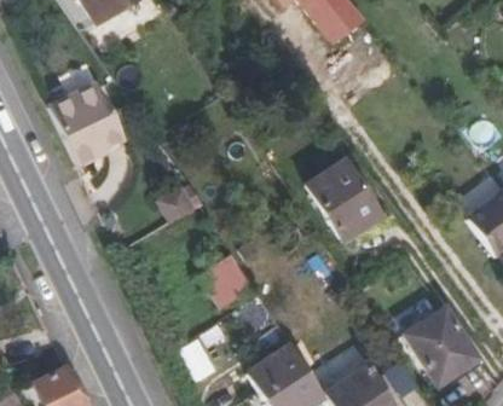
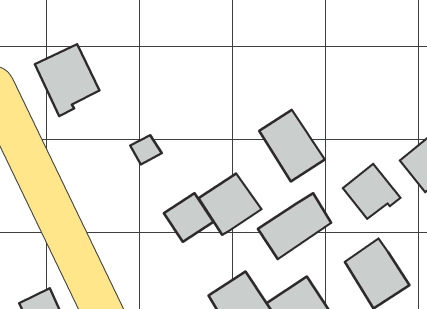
building: none -> [343,164,401,219]
building: none -> [198,173,261,235]
building: none -> [258,193,331,259]

